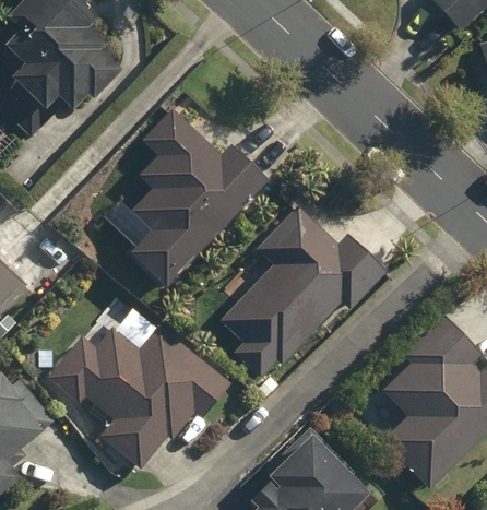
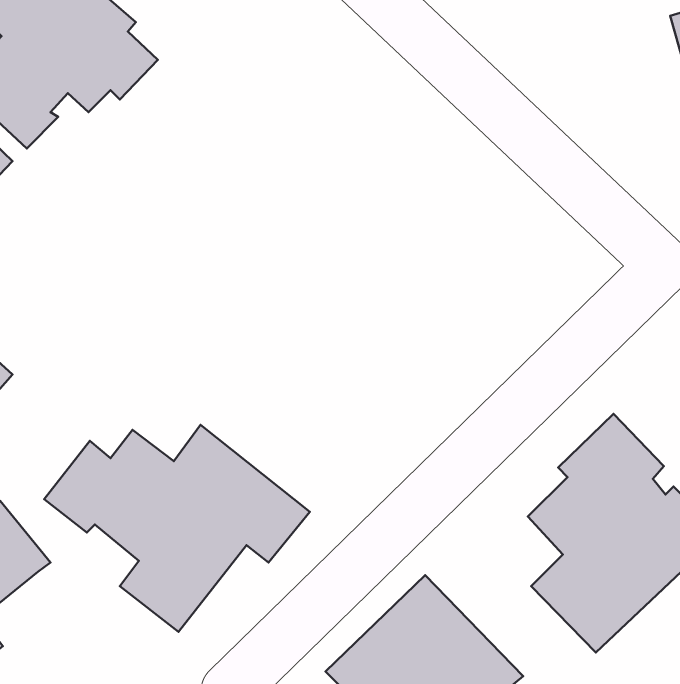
building: [132,111,268,285] -> none
building: [221,206,382,373] -> none

